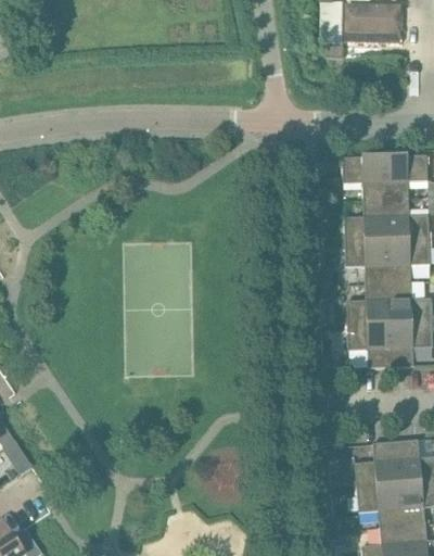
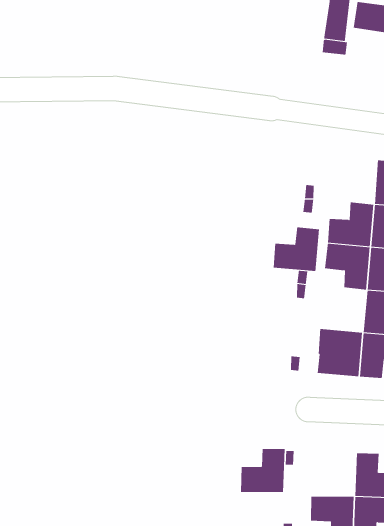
building: [342,155,386,199] -> none
building: [346,282,390,325] -> [273,227,320,272]
building: [355,441,399,488] -> [240,449,286,493]

